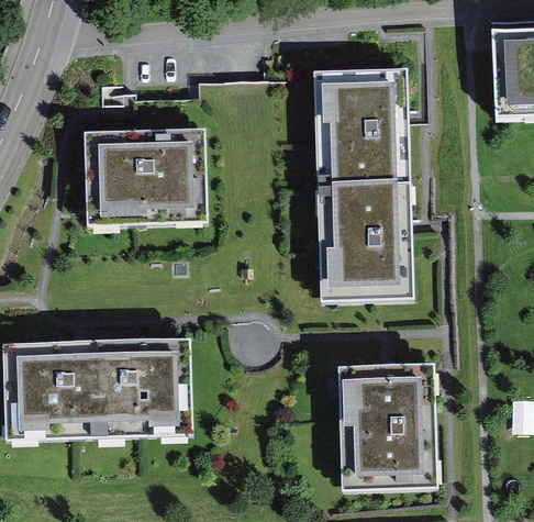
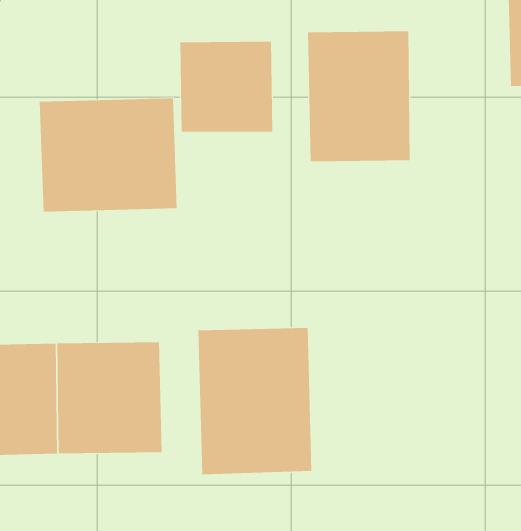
building: none -> [180,41,273,133]
building: [320,181,410,300] -> none
building: [337,364,437,492] -> [198,328,312,475]

